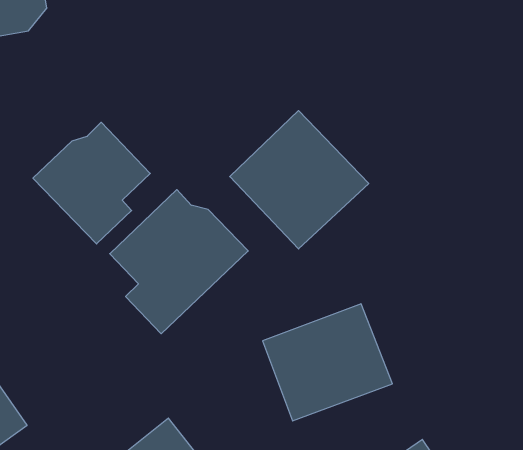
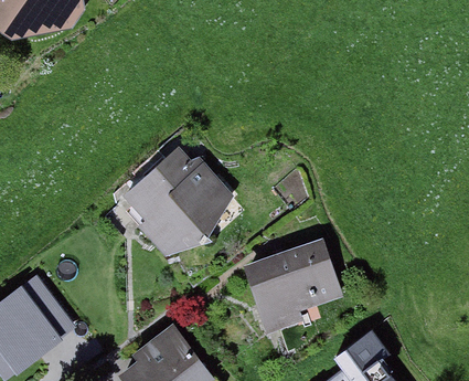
building: [230,111,369,249] -> none
building: [33,122,150,244] -> none

